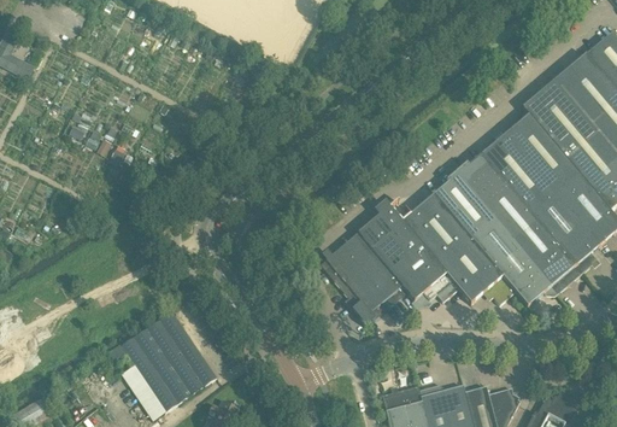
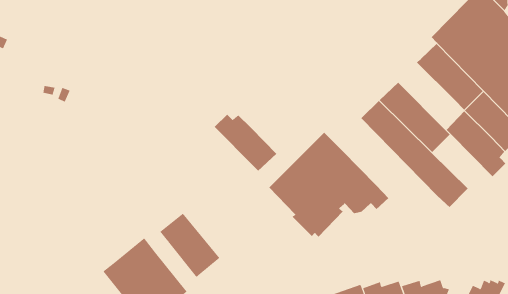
building: [481,133,554,214] -> none
building: none -> [214,114,277,172]
building: [402,192,515,303] -> none
building: [513,220,581,292] -> none
building: none -> [159,213,220,278]

